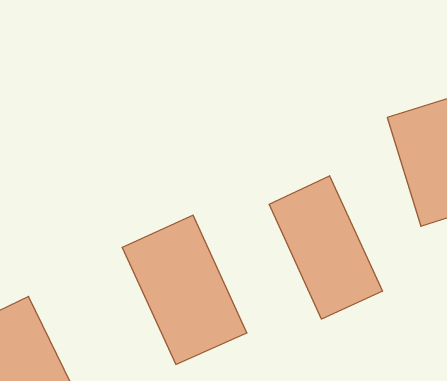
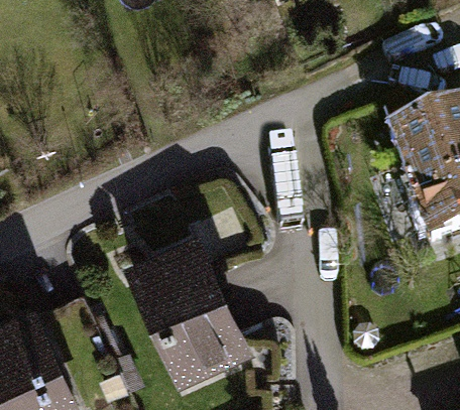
building: [269,176,382,319] -> none

